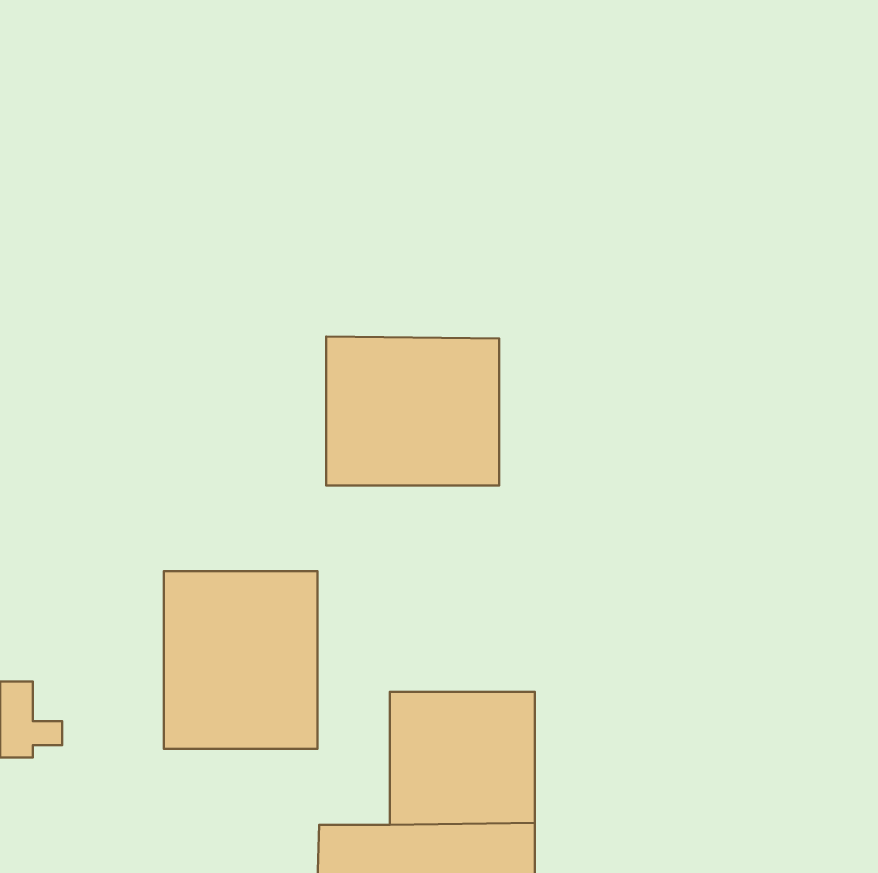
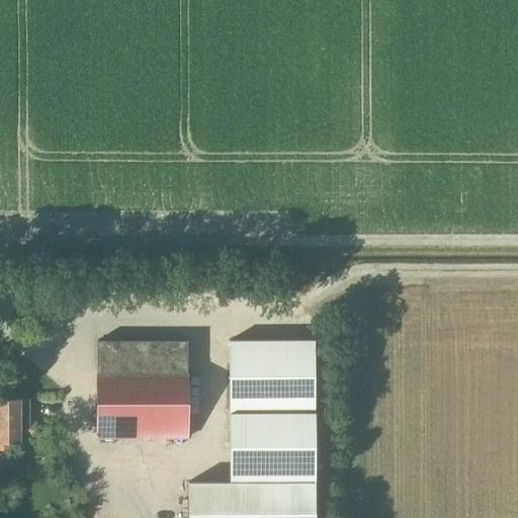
building: [326,337,499,485] -> none
building: none -> [231,340,316,411]

